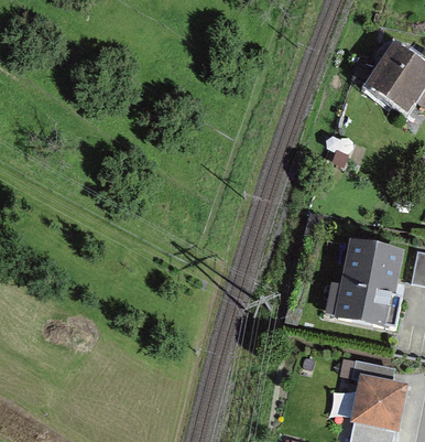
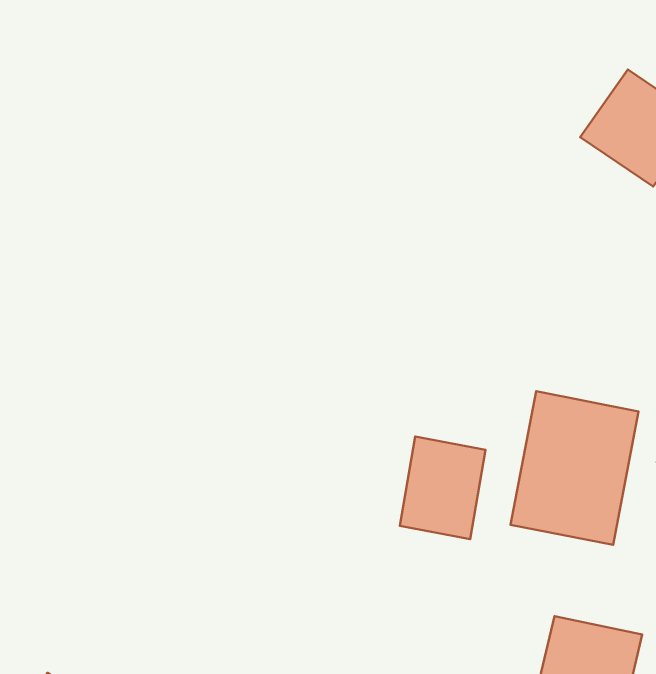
building: none -> [400,437,485,539]

